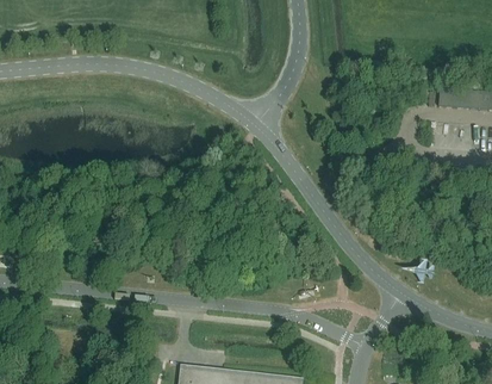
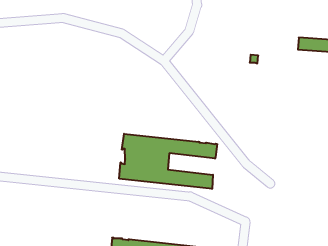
building: none -> [119,134,217,189]

